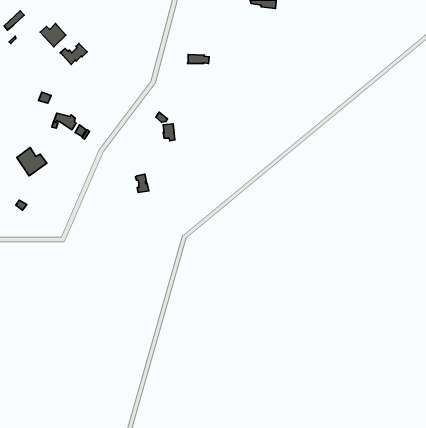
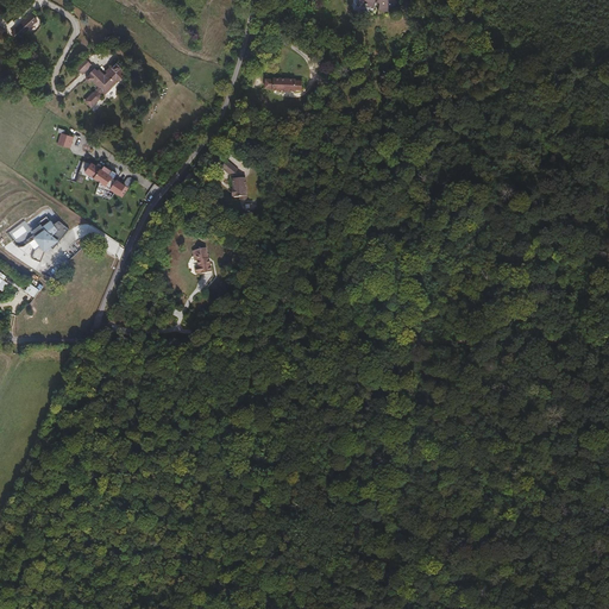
building: [40,24,66,47] -> none

